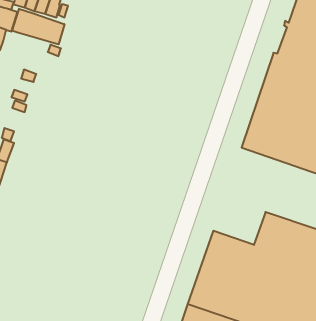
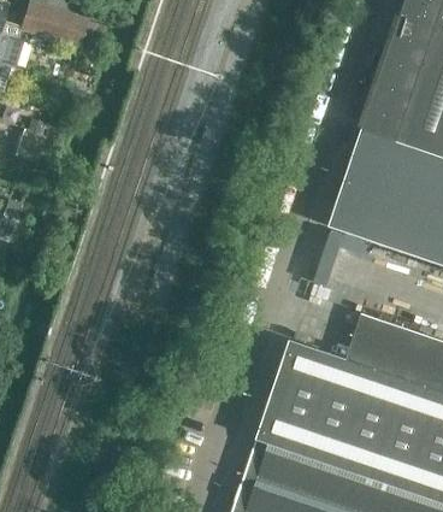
building: [12,9,64,44] -> none

